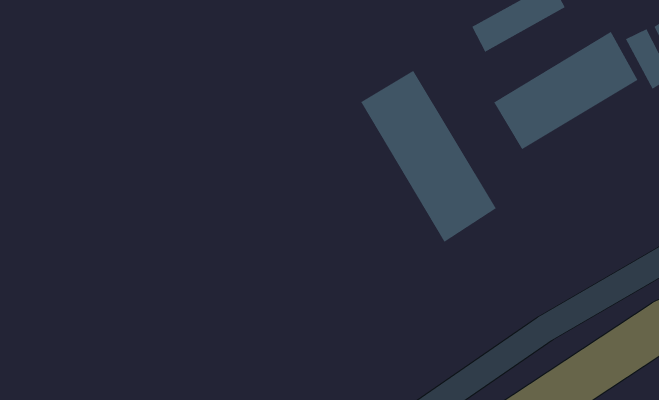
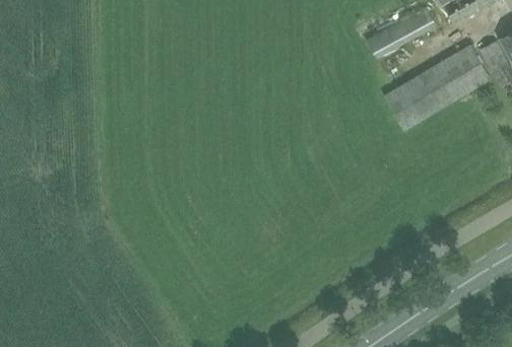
building: [360,70,497,243] -> none

